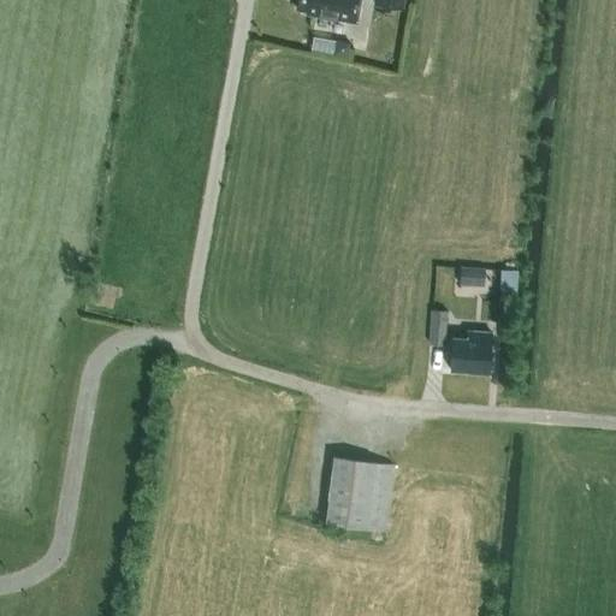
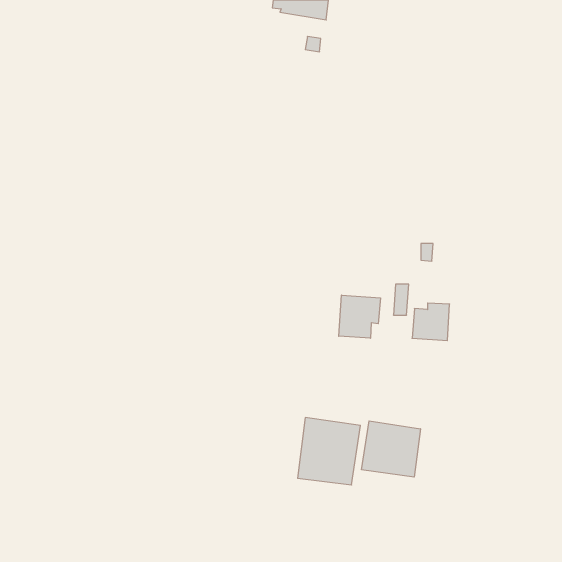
building: none -> [339,295,380,338]
building: none -> [362,421,420,477]

